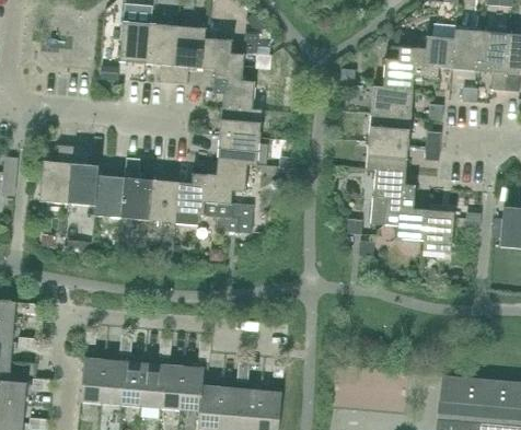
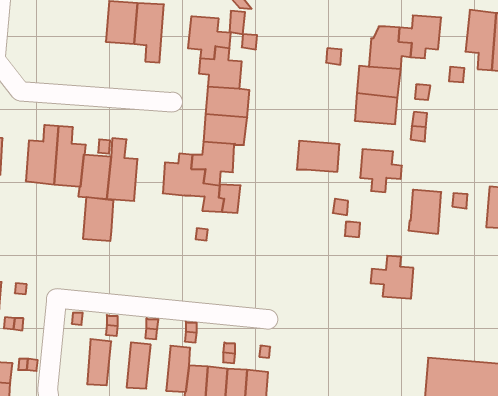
building: [173,24,206,83] -> none
building: [451,27,483,71] -> none
building: [366,140,408,171] -> [297,141,340,172]
building: [148,178,178,222] -> [83,197,114,241]
building: [383,197,426,240] -> [371,256,413,299]
building: [80,356,104,403] -> none
building: [120,360,144,406] -> none
building: [160,363,184,409] -> none

